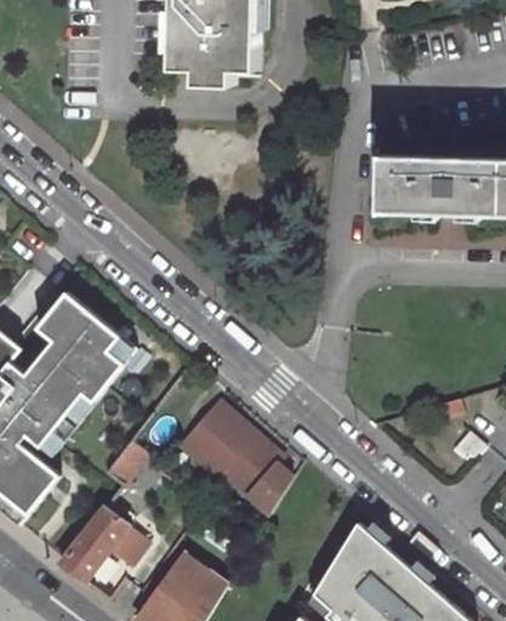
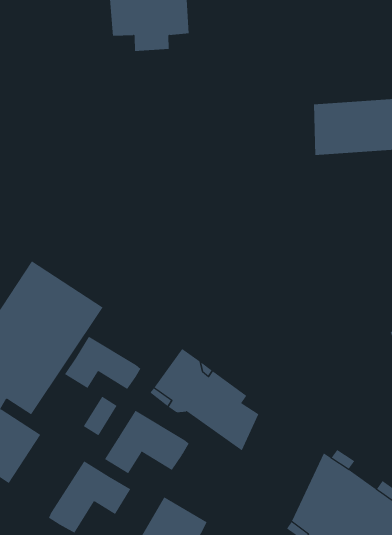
building: none -> [64,336,141,390]
building: none -> [104,410,190,474]

